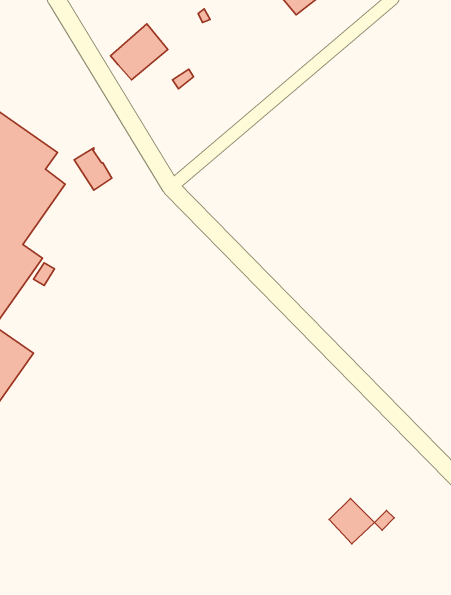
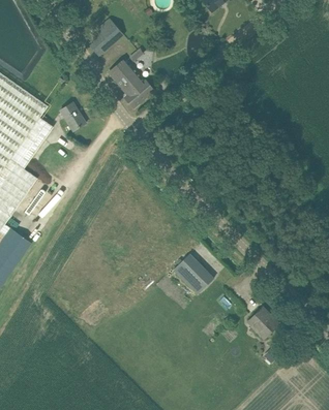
building: none -> [108,59,153,107]
building: none -> [173,254,213,294]
building: [329,498,375,544] -> [247,308,278,339]

